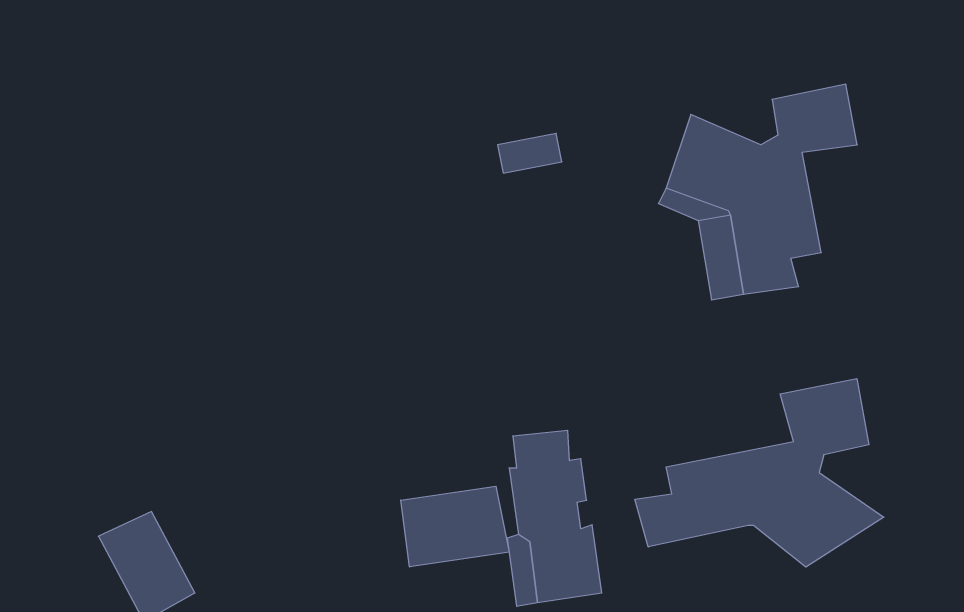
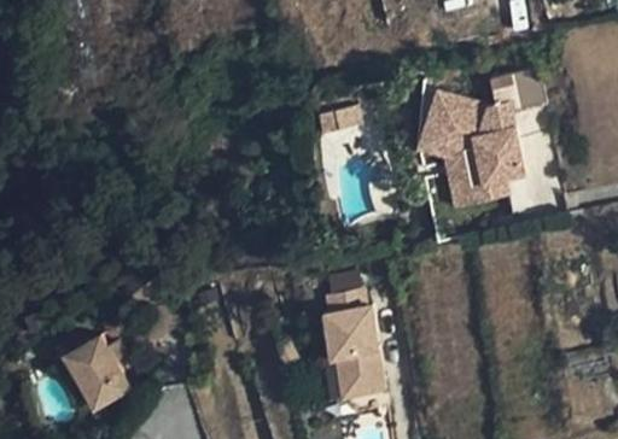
building: [635,379,884,567] -> none
building: [401,486,509,567] -> none

